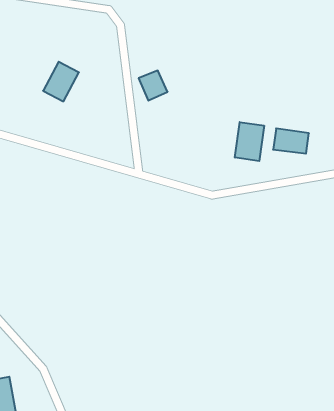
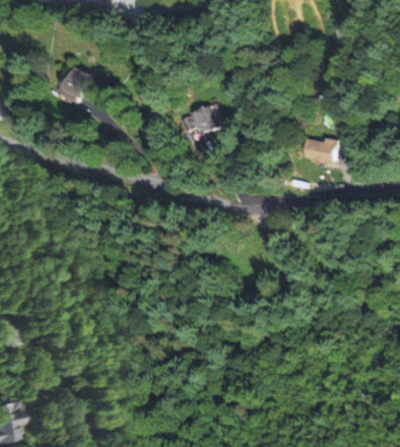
building: [139,71,168,101] -> [187,105,217,136]
building: [235,122,264,161] -> none

